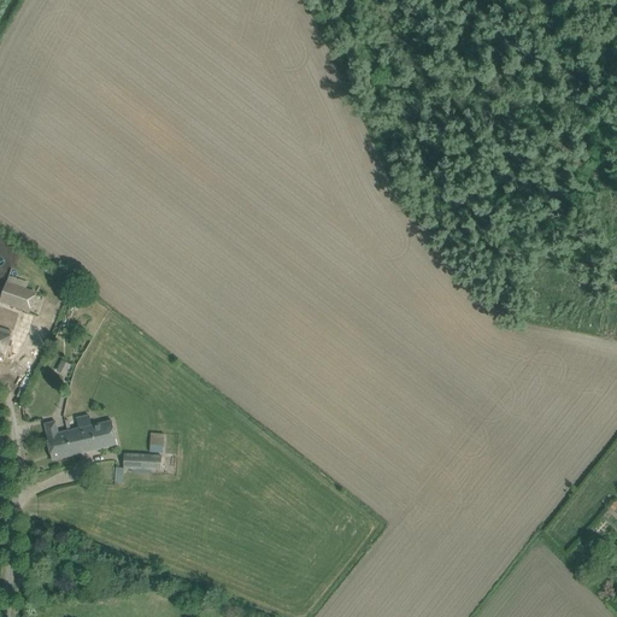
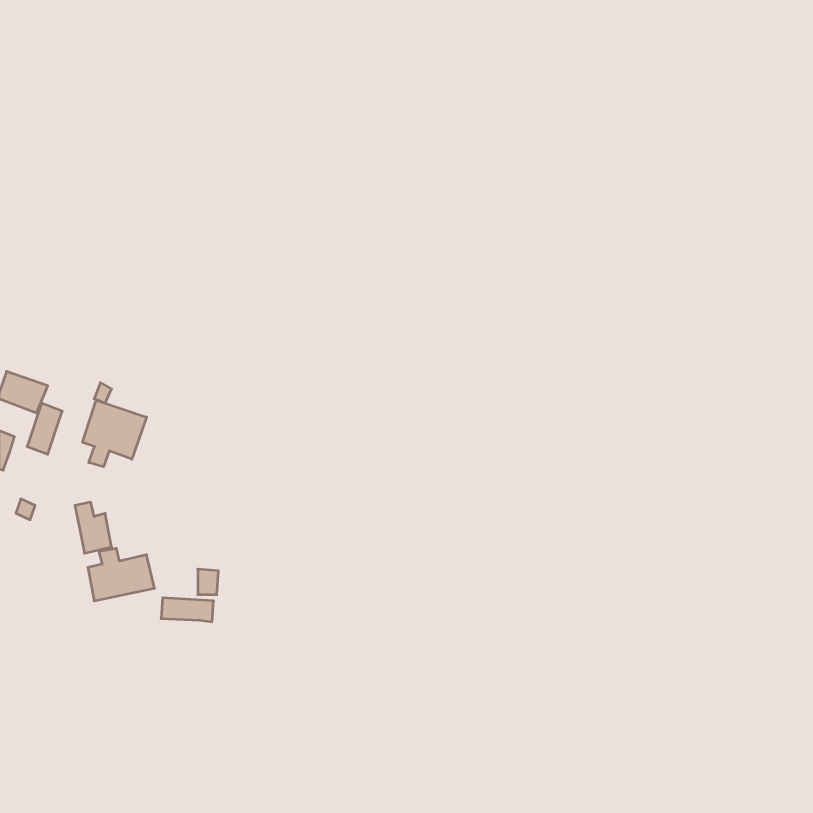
building: none -> [83,400,147,467]
building: [43,421,71,459] -> [75,502,112,553]

